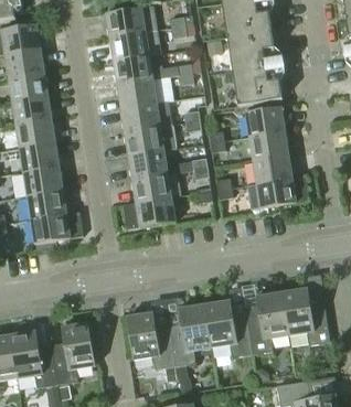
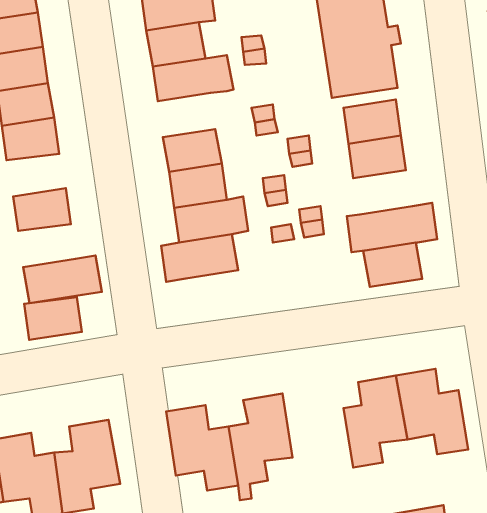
building: [121,100,171,131] -> none
building: [20,142,60,171] -> none
building: [253,153,292,183] -> [363,243,422,287]
building: [28,190,66,218] -> [24,297,82,340]
building: [205,299,253,356] -> none

